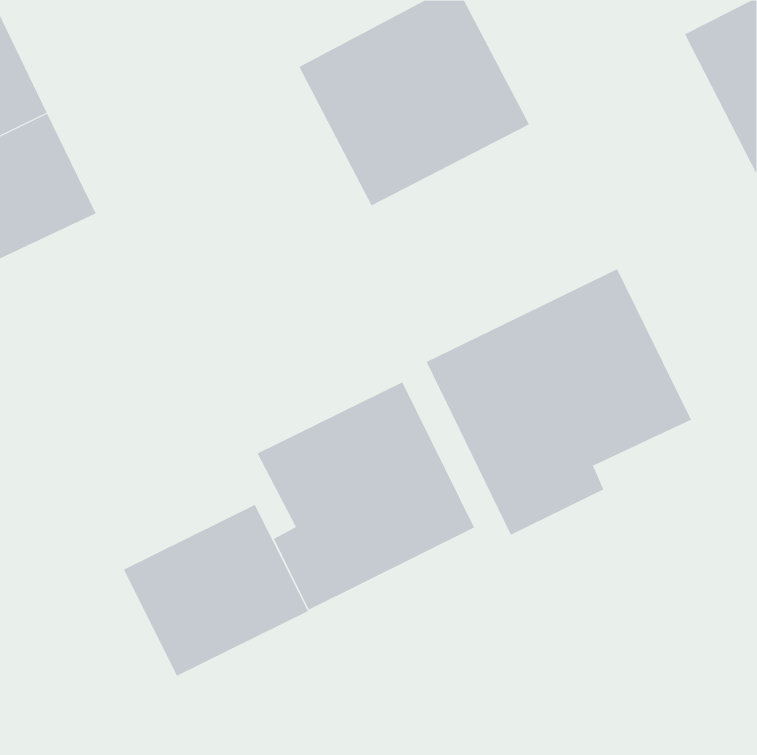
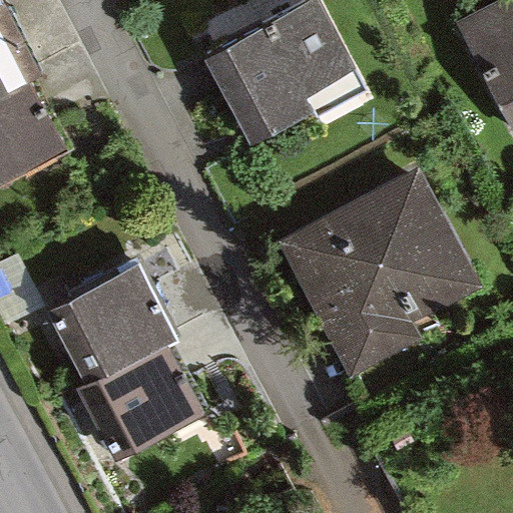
building: [257,381,475,610] -> none
building: none -> [47,271,172,387]

